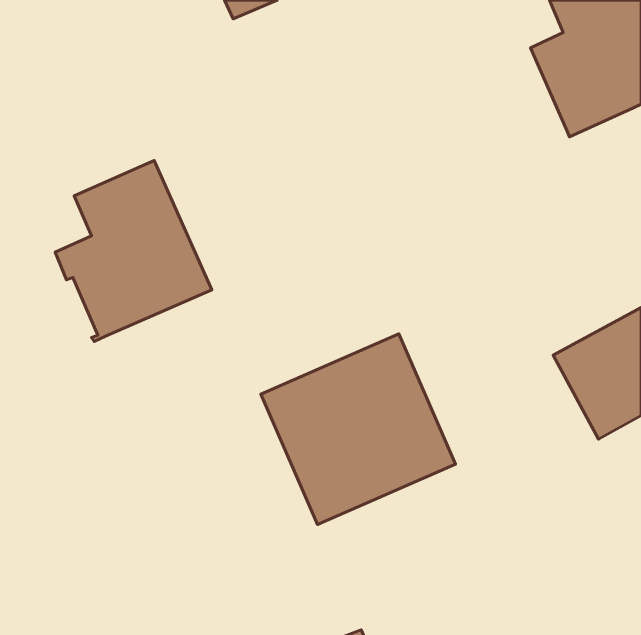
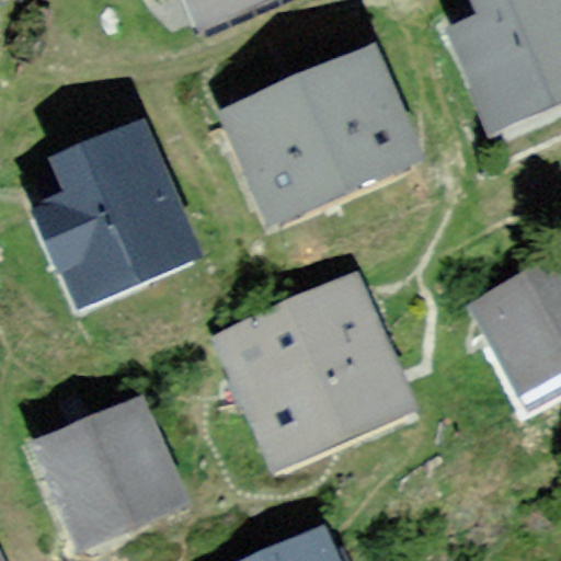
building: none -> [236,72,405,219]
building: none -> [37,398,172,545]

